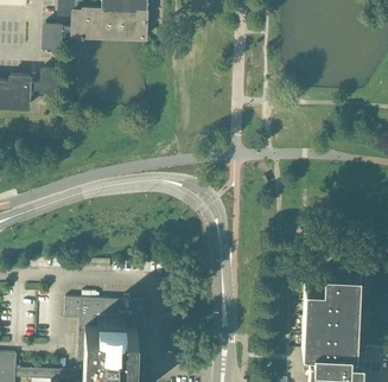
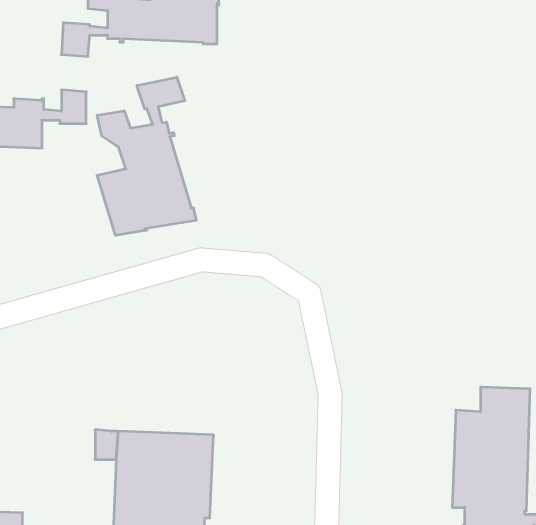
building: none -> [97,77,196,235]

